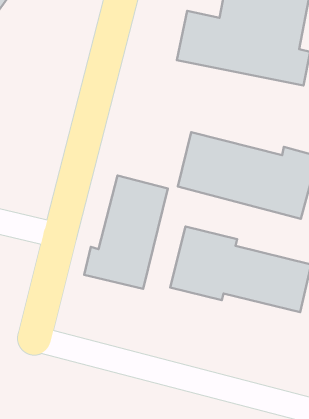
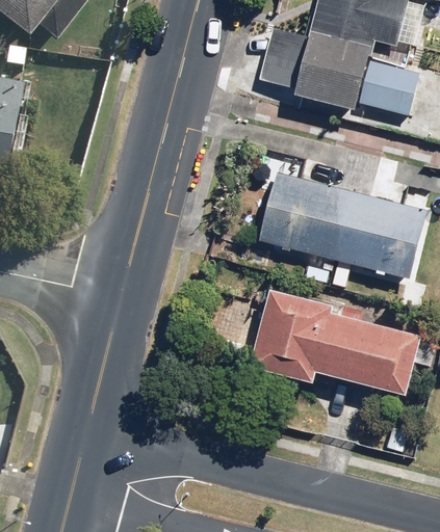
building: [84,176,168,289] -> none

